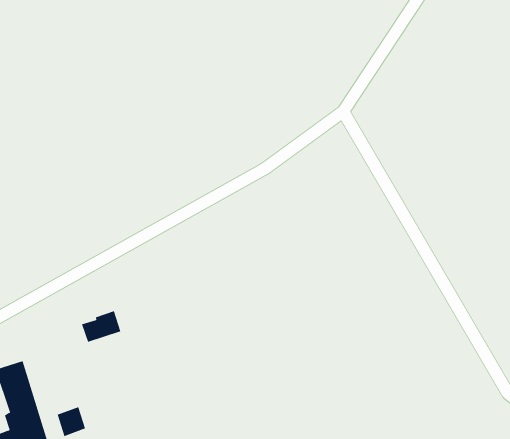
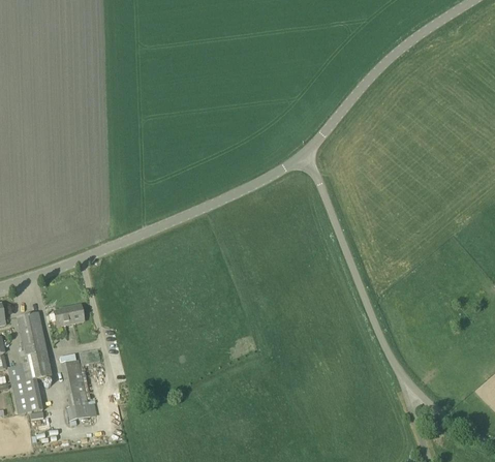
building: [81,311,121,342] -> [54,304,84,326]

